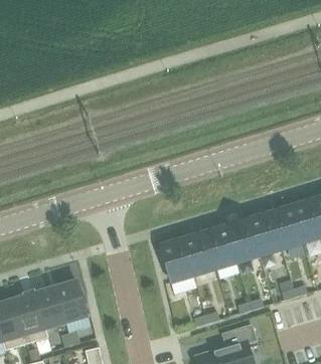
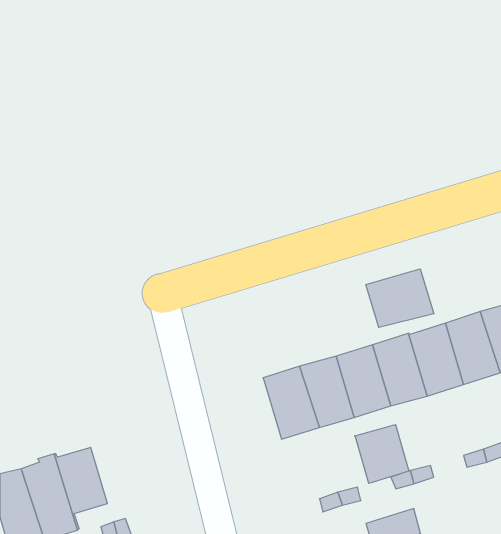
building: none -> [366,269,434,328]
building: none -> [355,425,409,483]
building: [55,281,88,321] -> none

